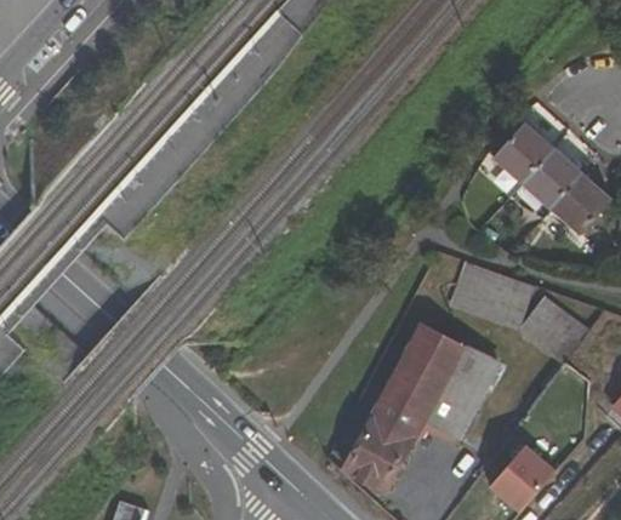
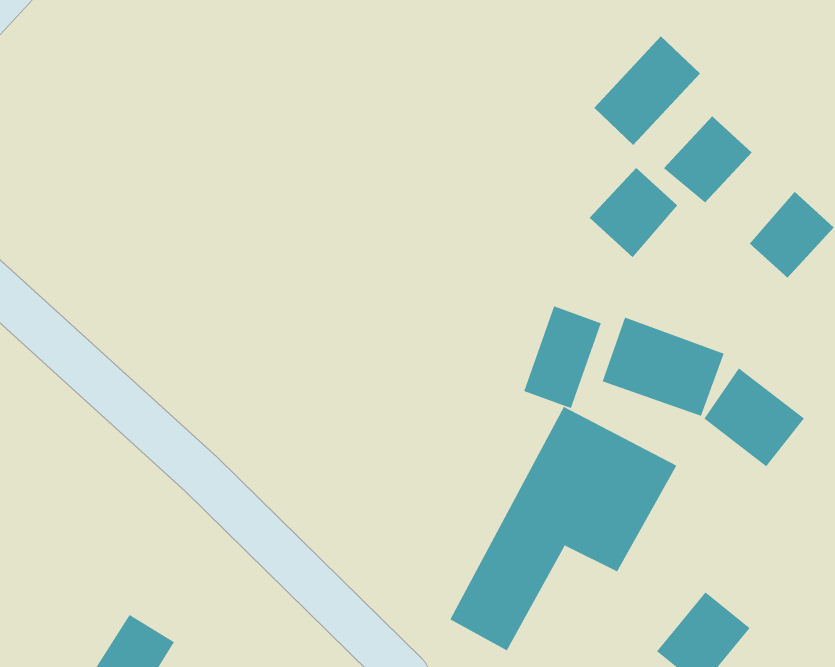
building: none -> [593,35,701,146]
building: [520,145,582,208] -> [589,167,678,258]
building: none -> [524,306,601,409]

